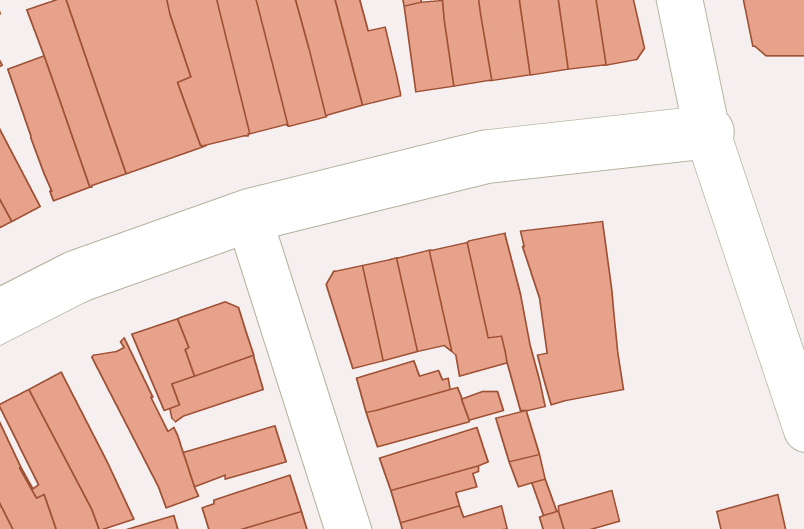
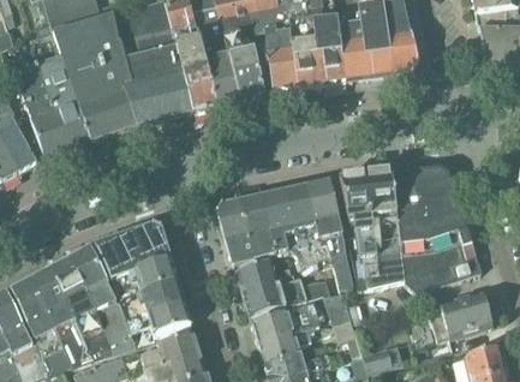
building: none -> [390,166,480,292]
building: none -> [49,257,115,359]
building: none -> [120,277,184,317]
building: none -> [428,293,492,340]

